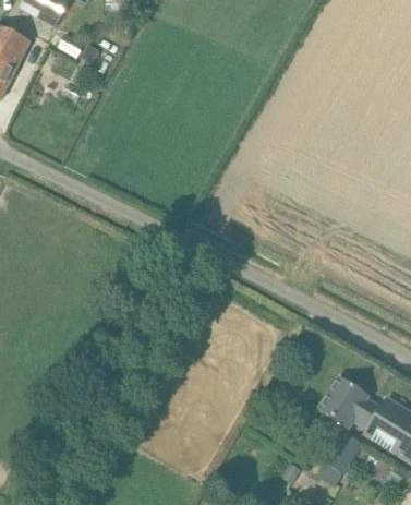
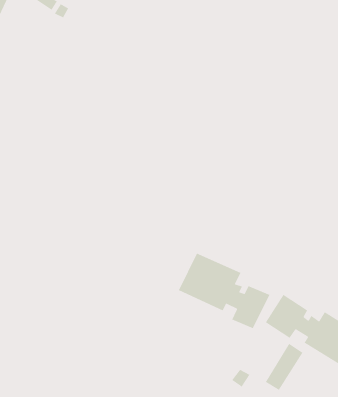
building: none -> [178,252,270,329]

